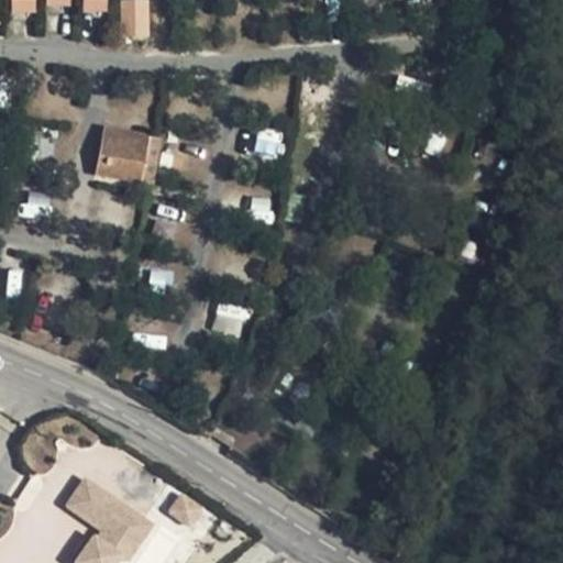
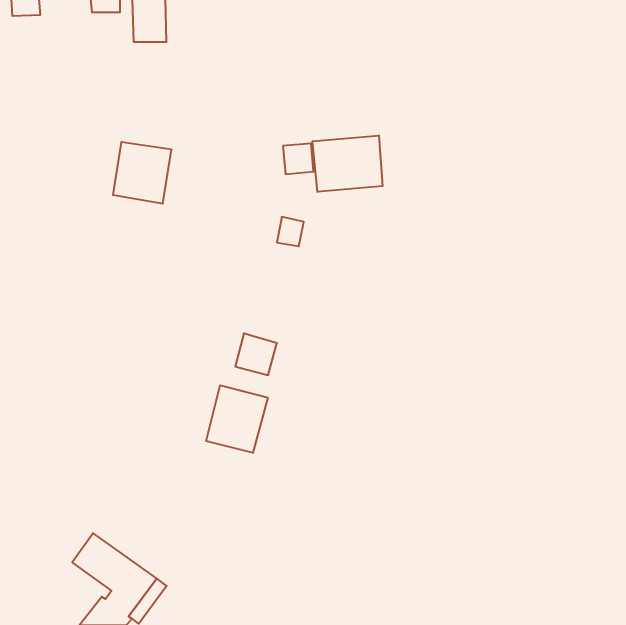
building: none -> [312,135,383,192]
building: none -> [206,385,268,453]

